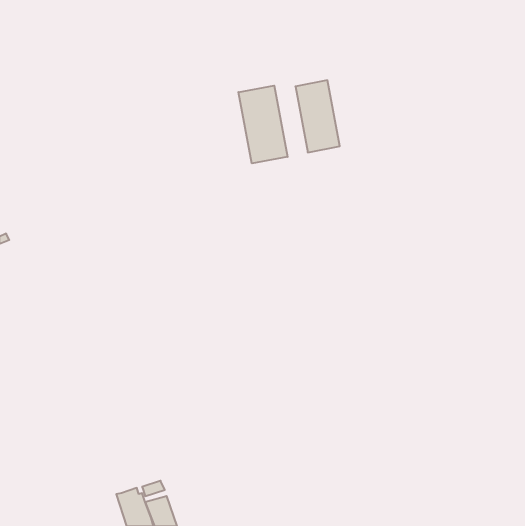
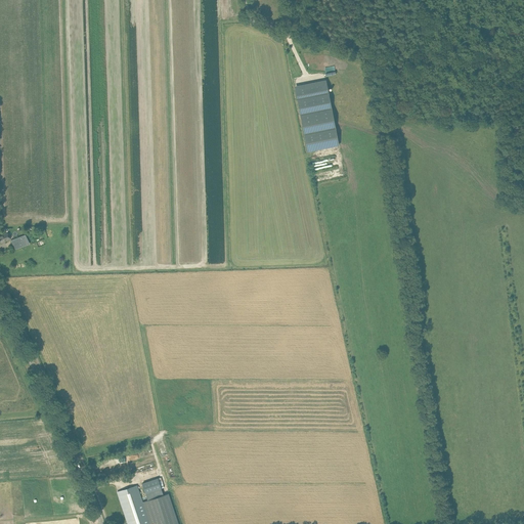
building: [238,86,288,163] -> none

